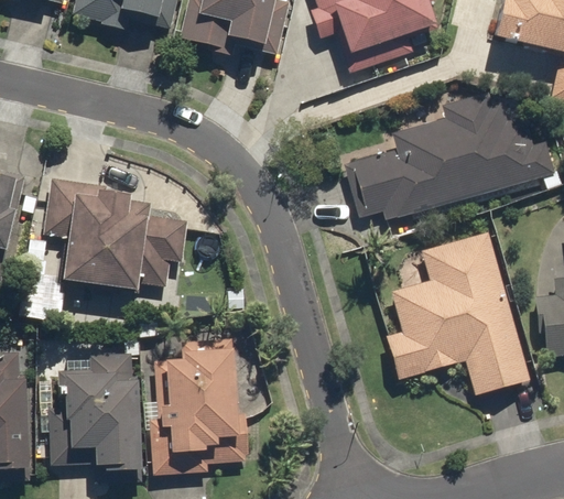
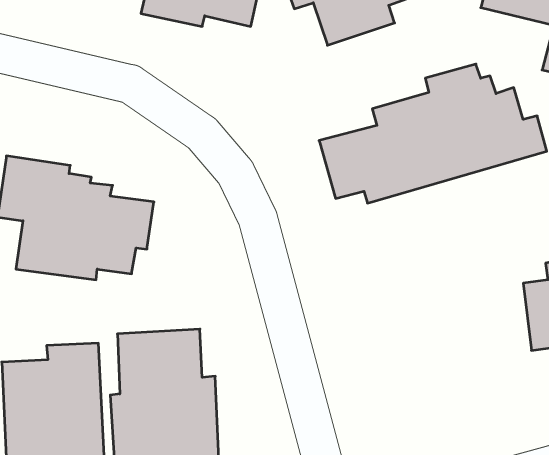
building: [384,229,531,395] -> none

